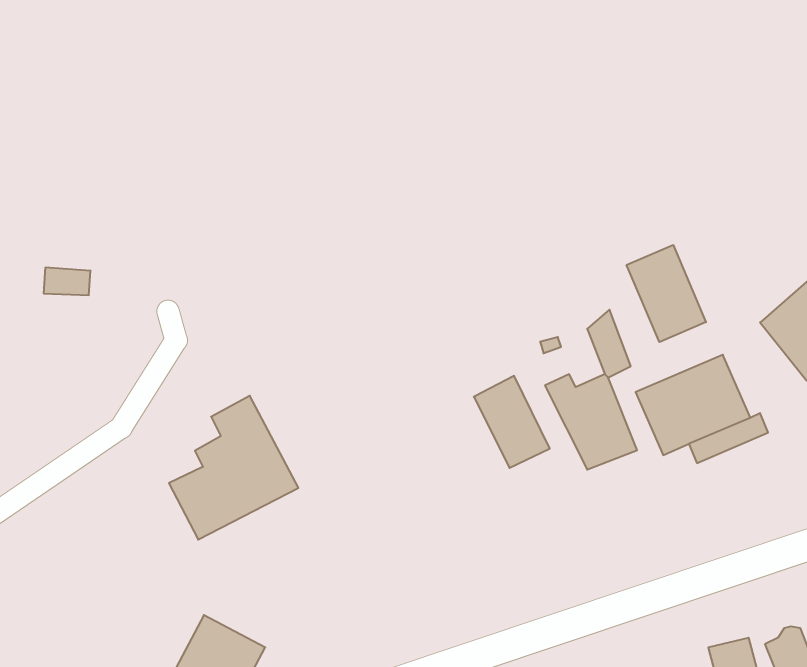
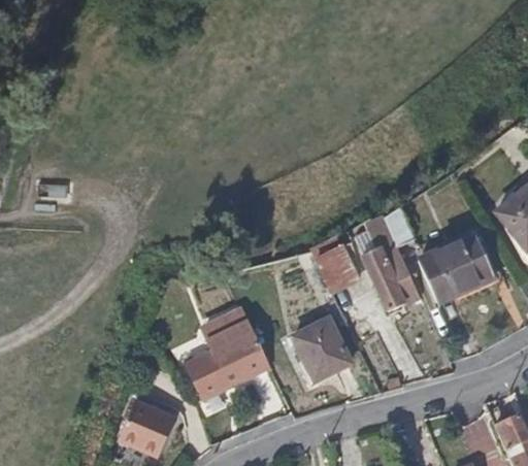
building: [627,245,706,342] -> none
building: [169,396,298,540] -> [186,308,268,400]
building: none -> [289,314,348,378]

